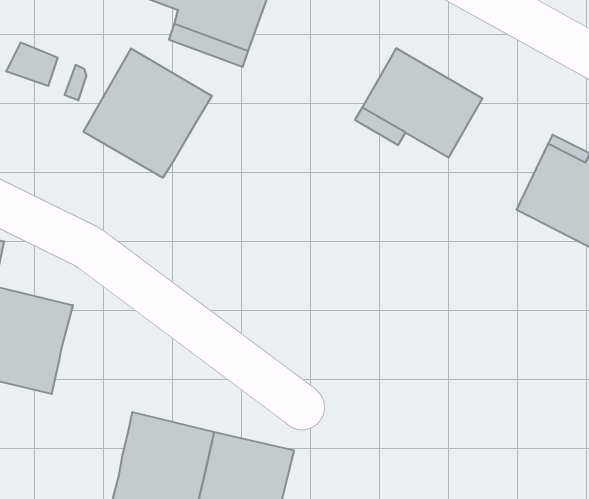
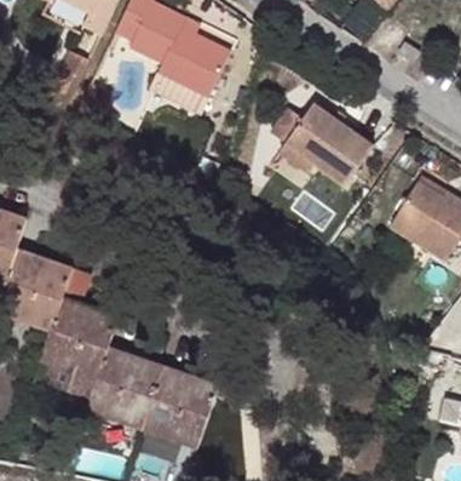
building: [84,48,212,178] -> none
building: none -> [36,294,114,374]

